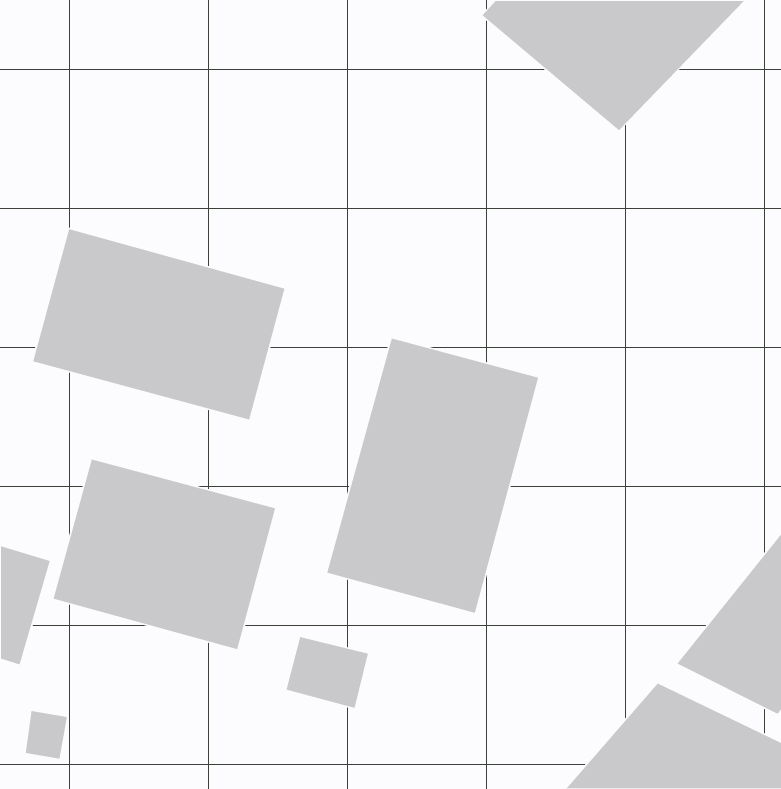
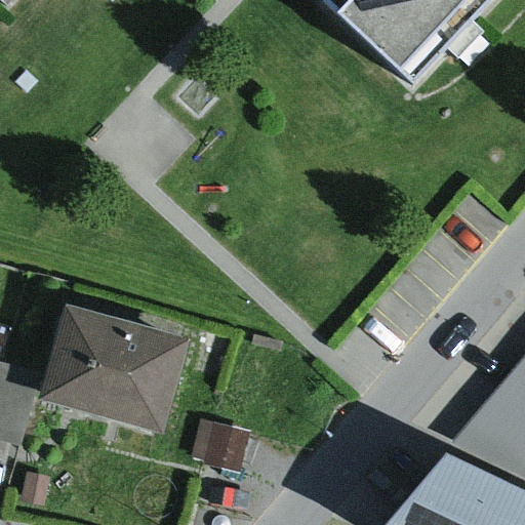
building: [32,228,285,421] -> none
building: [326,337,539,614] -> none

